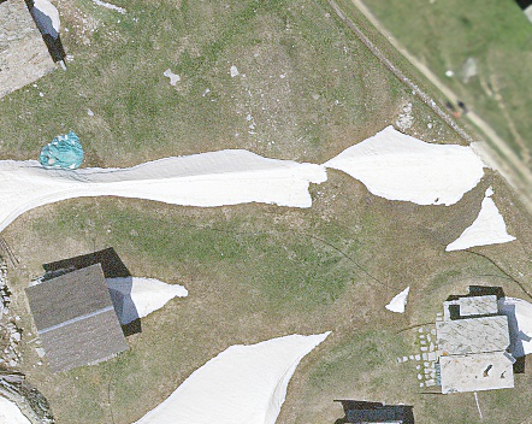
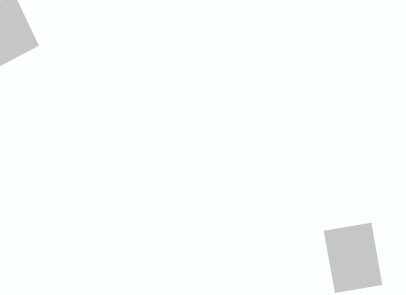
building: [28,267,117,363] -> none

